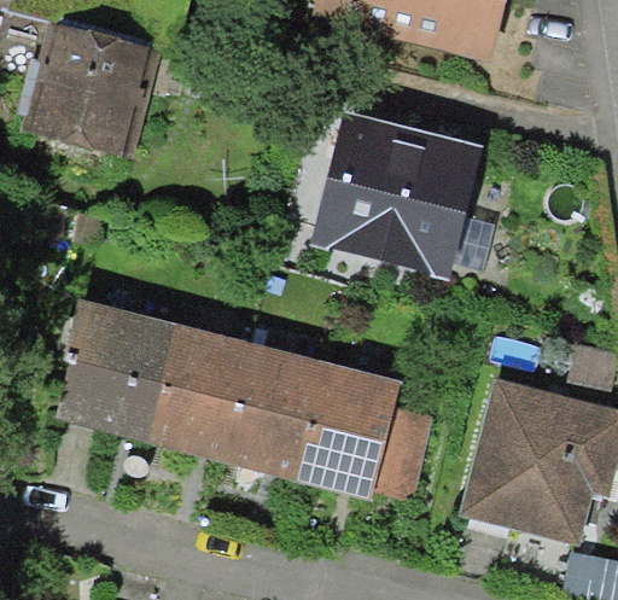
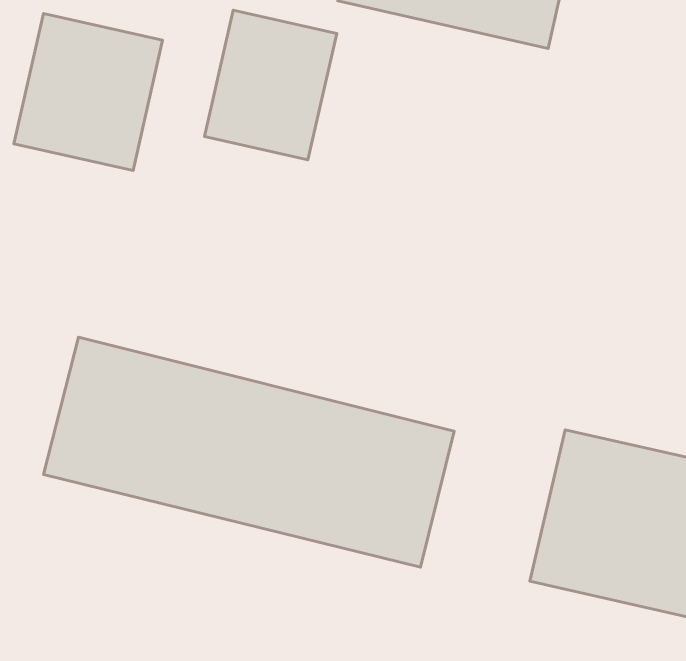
building: none -> [205,10,337,160]
building: [319,116,483,274] -> none

